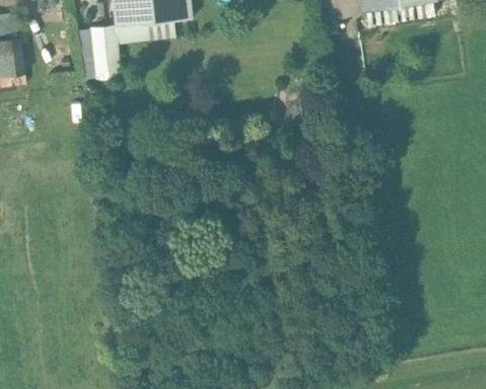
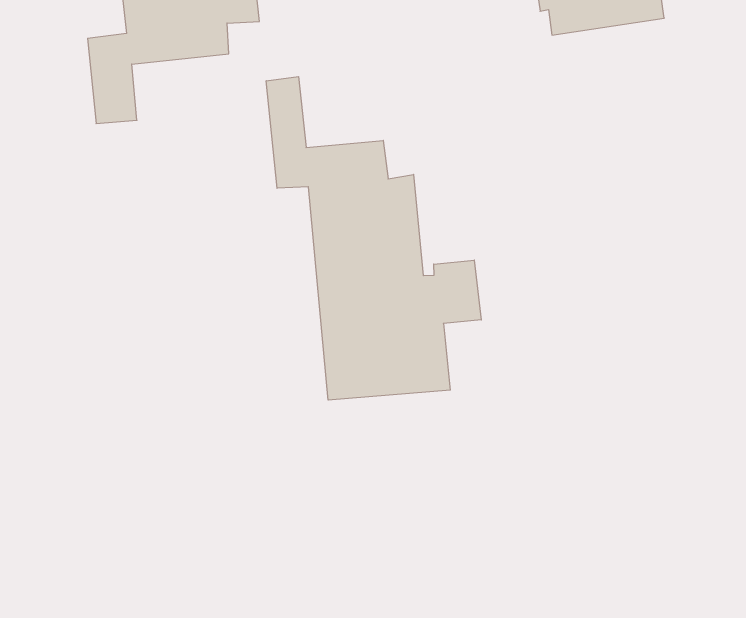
building: none -> [266,77,481,400]

